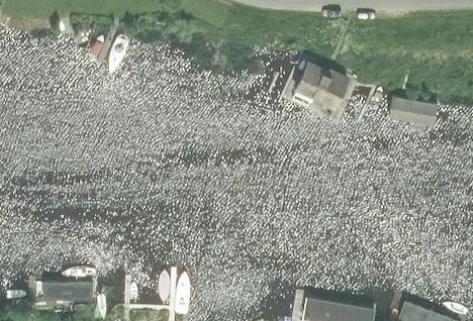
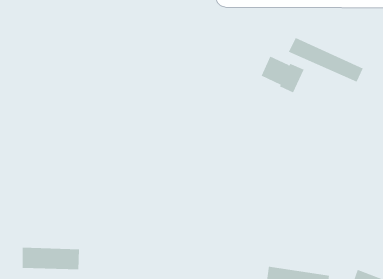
building: none -> [288,37,364,82]

